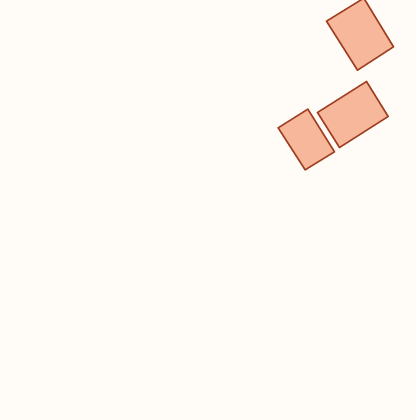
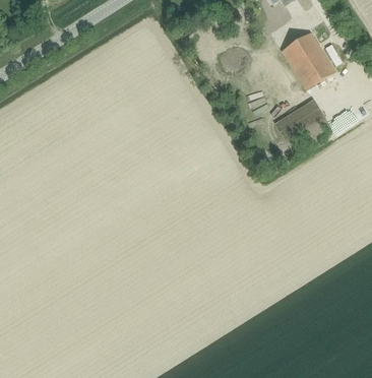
building: [278,109,334,170] -> none

